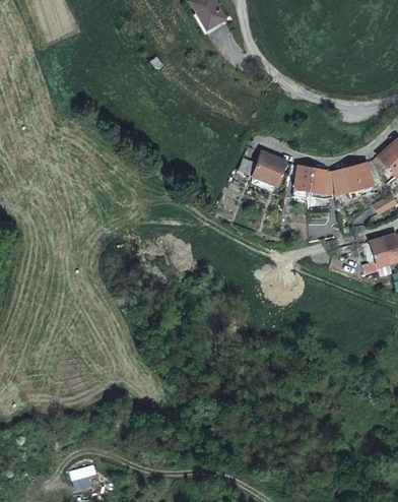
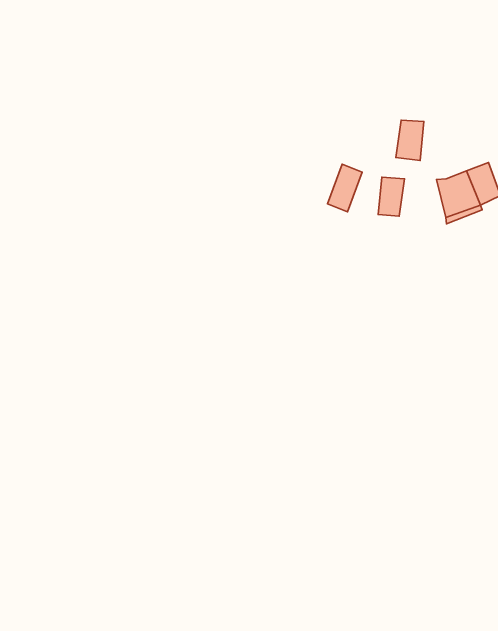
building: [244,149,274,179] -> none
building: [308,167,327,193] -> [396,120,424,160]

